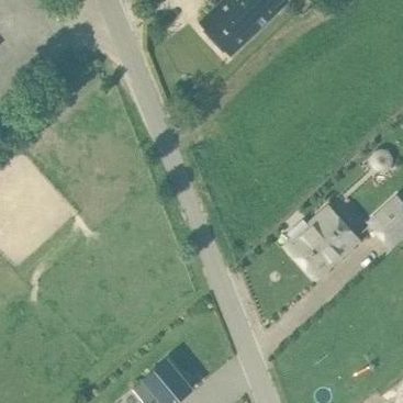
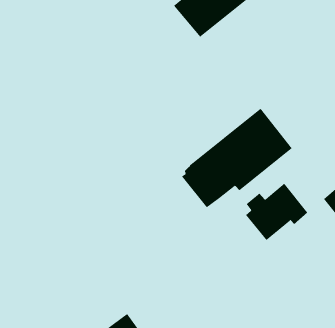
building: none -> [181,108,292,208]

